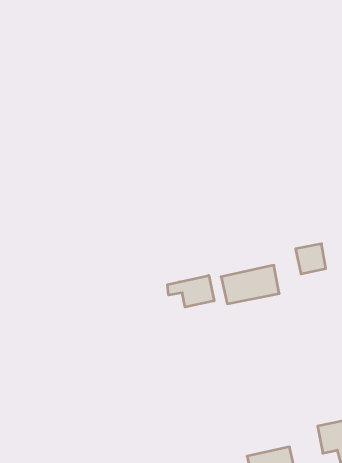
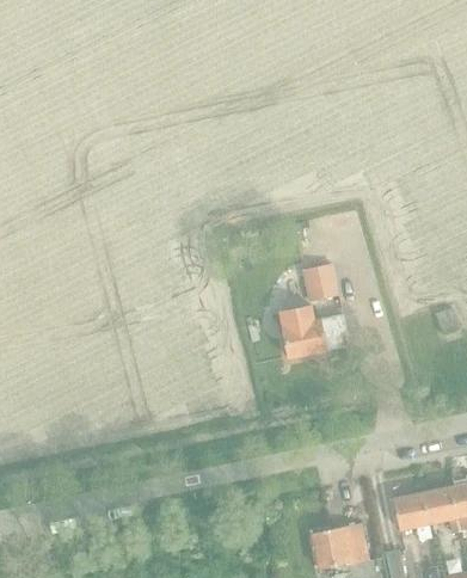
building: [296,244,326,274] -> [303,266,338,301]
building: [168,275,214,307] -> none

